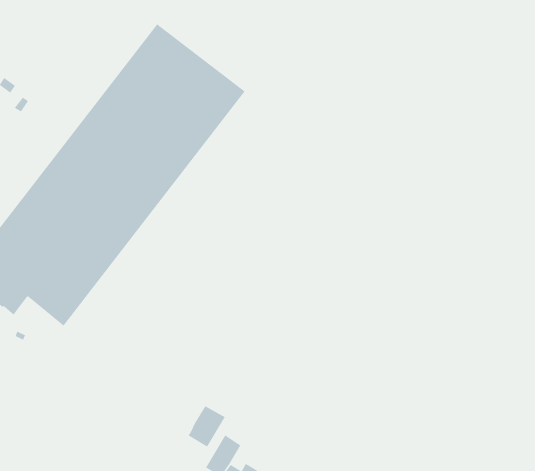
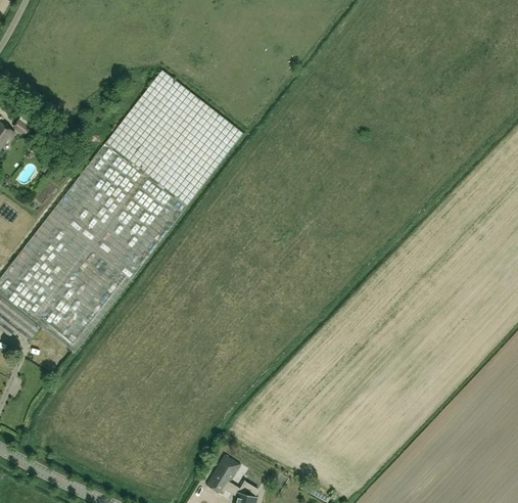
building: [188,406,226,448] -> none

